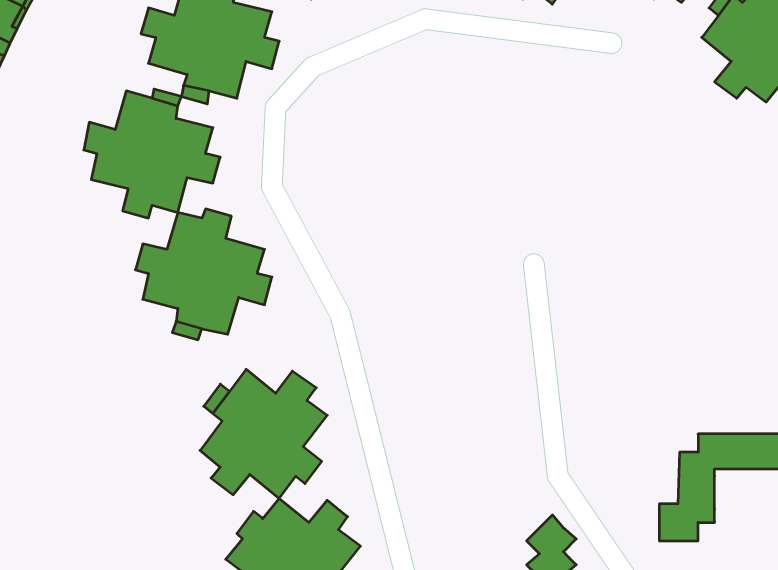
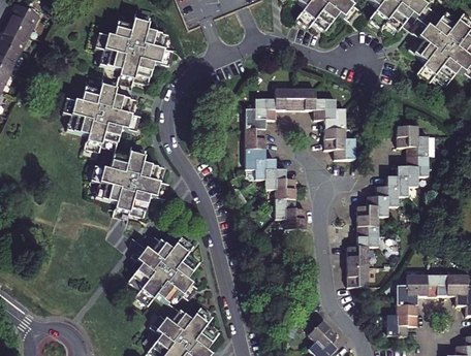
building: none -> [245,87,355,226]
building: none -> [347,129,428,289]

